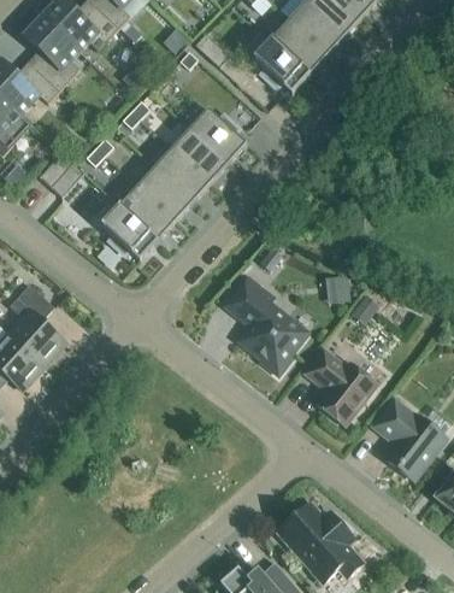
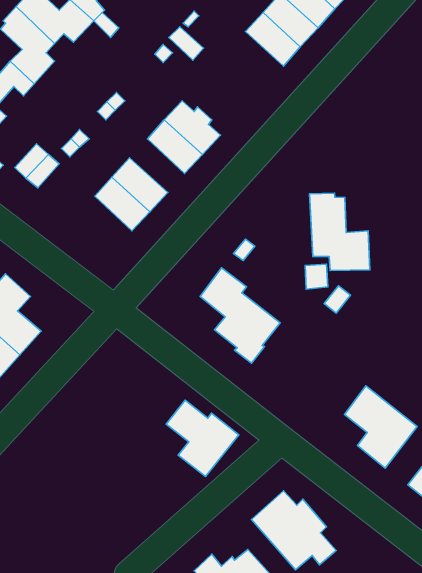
building: [253,37,309,92] -> none
building: [154,146,210,200] -> none
building: none -> [309,193,370,270]
building: [101,204,157,259] -> none
building: [303,347,377,424] -> [166,400,239,477]

